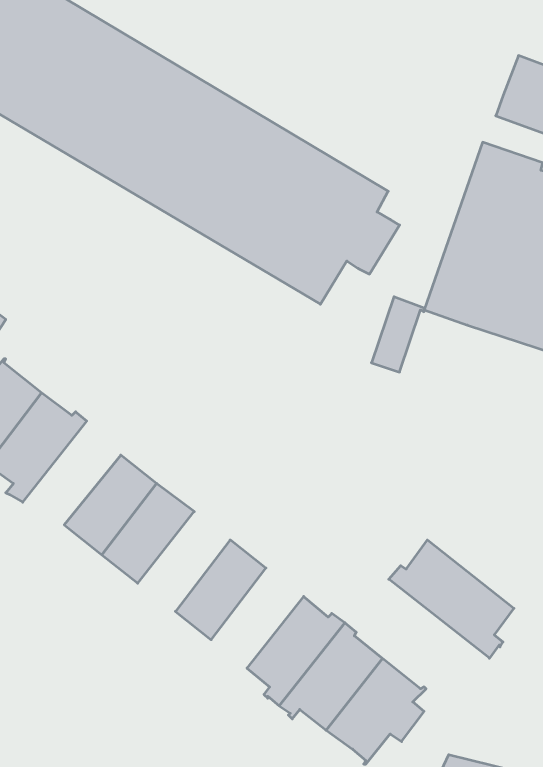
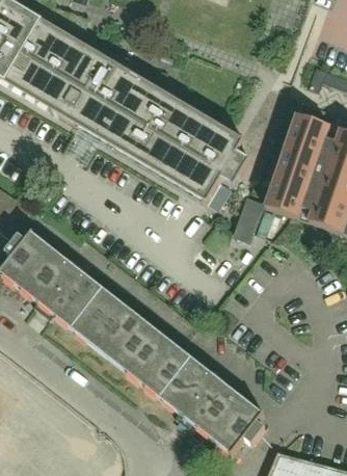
building: none -> [43,266,97,323]
building: none -> [106,316,157,371]
building: [389,540,514,658] -> none
building: none -> [146,347,197,402]

